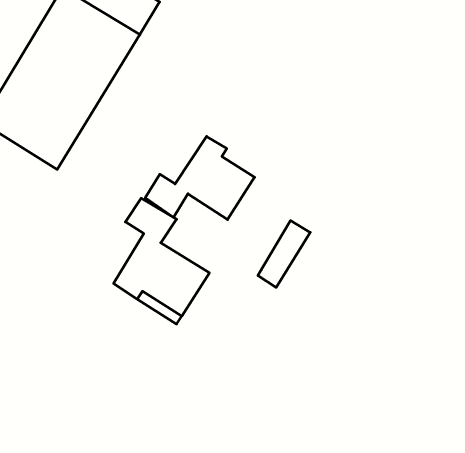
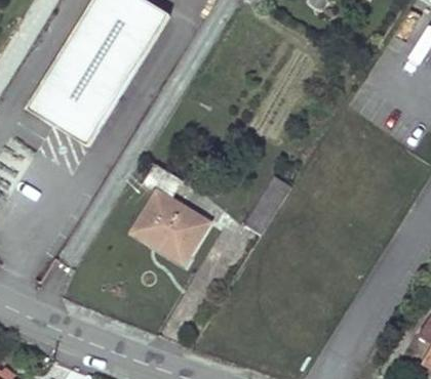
building: [145,136,255,220] -> none

